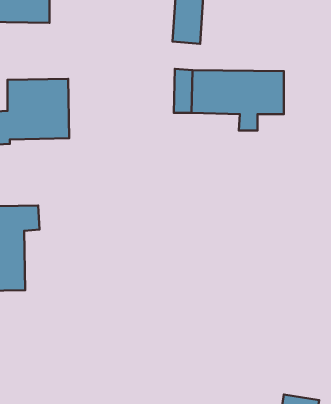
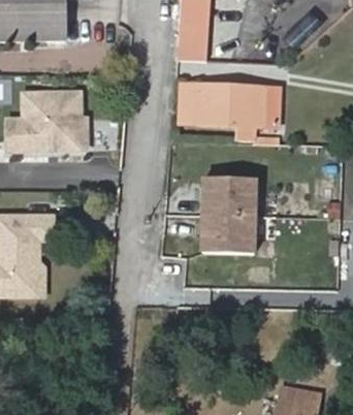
building: none -> [203,175,255,252]

